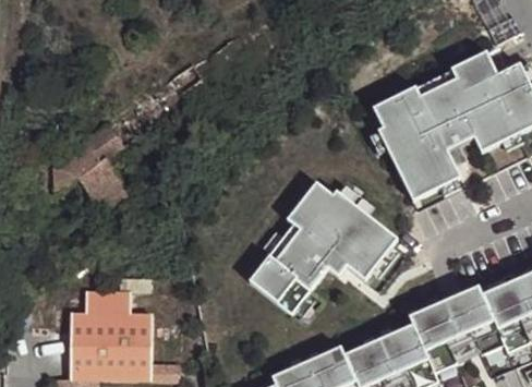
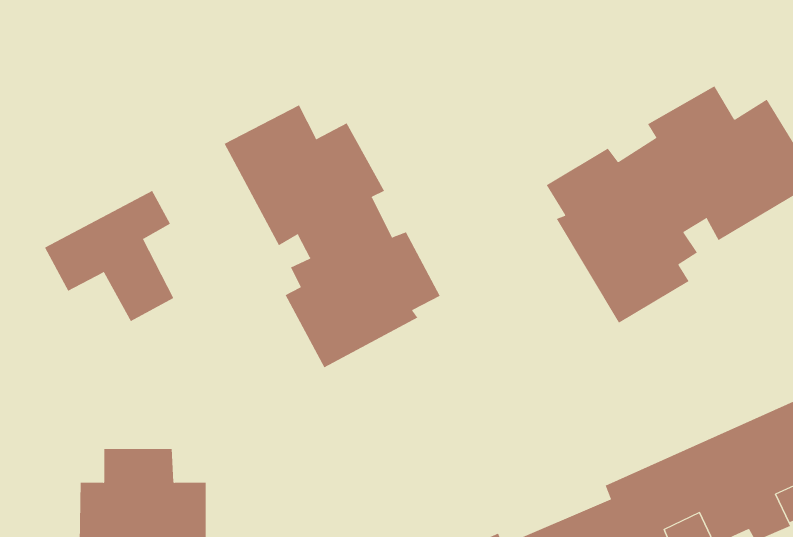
building: none -> [224,104,441,368]
building: [254,185,406,314] -> none

